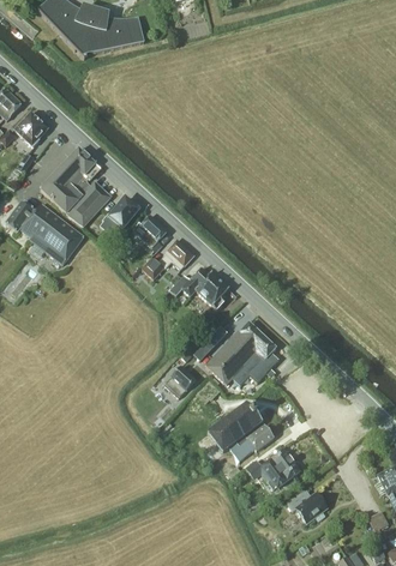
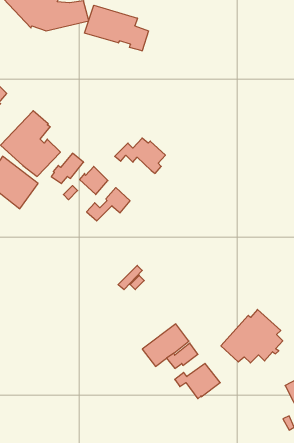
building: none -> [85,5,149,51]
building: [169,267,229,309] -> [115,138,165,173]
building: [205,321,278,385] -> [221,309,283,363]
building: [164,365,197,397] -> none
building: [288,490,328,522] -> none

